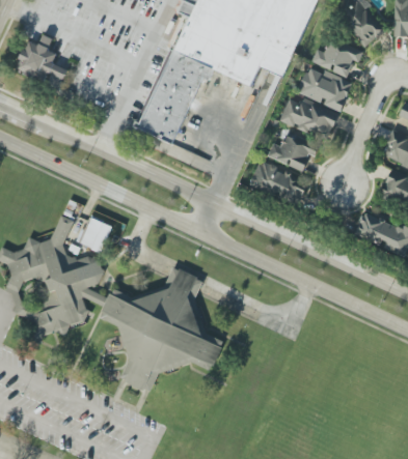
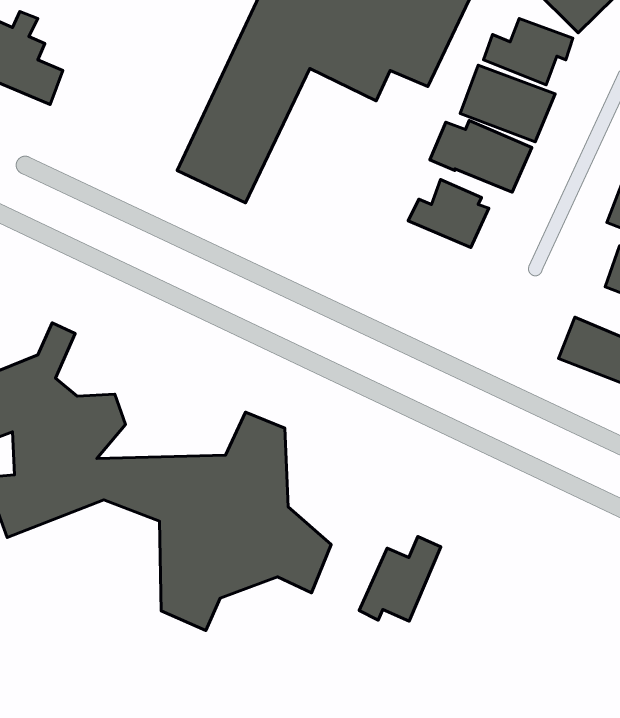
building: [250,162,309,205] -> none
building: [79,218,113,253] -> none
building: none -> [359,536,441,621]

